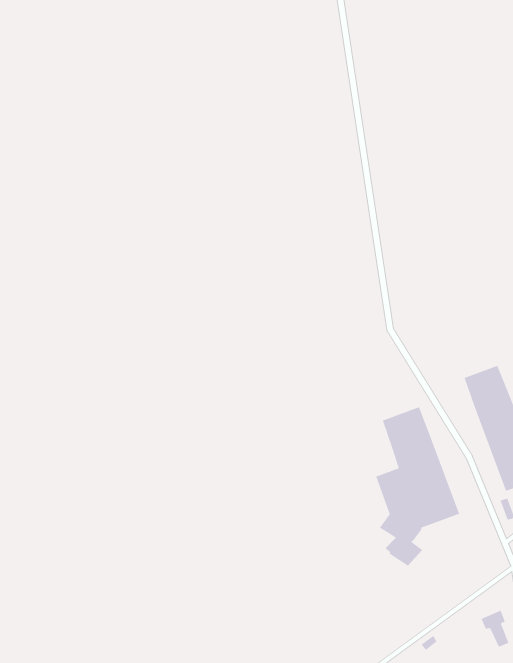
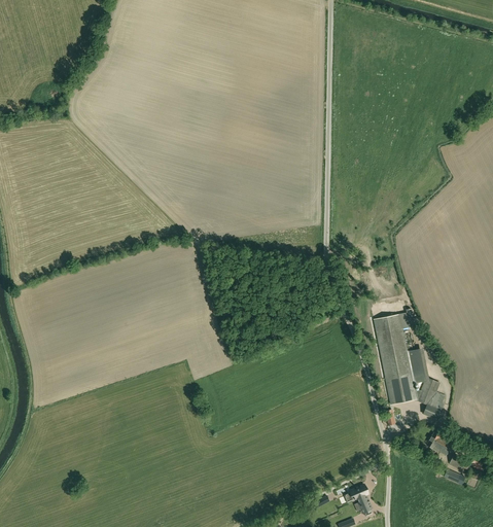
building: [375,406,460,566] -> none

